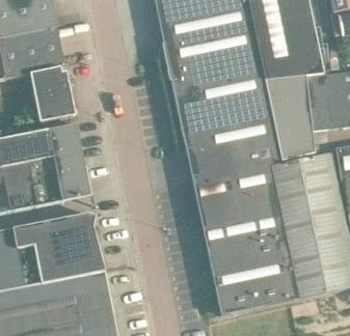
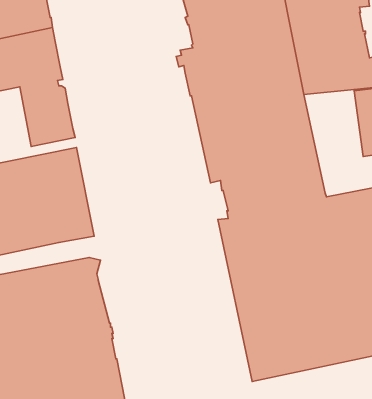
building: [263,75,314,160] -> none

